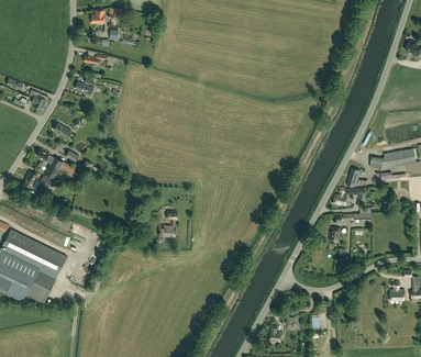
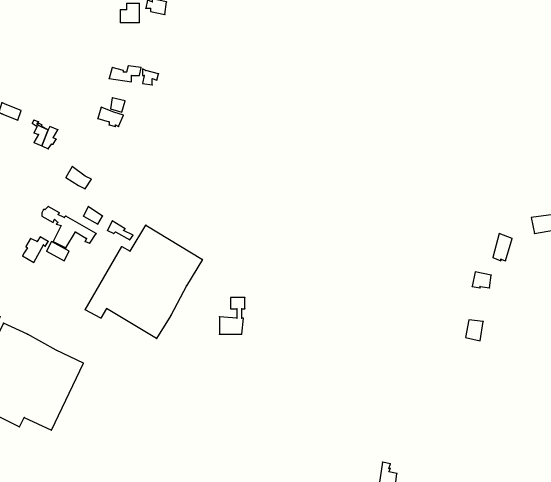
building: none -> [85,225,202,339]

